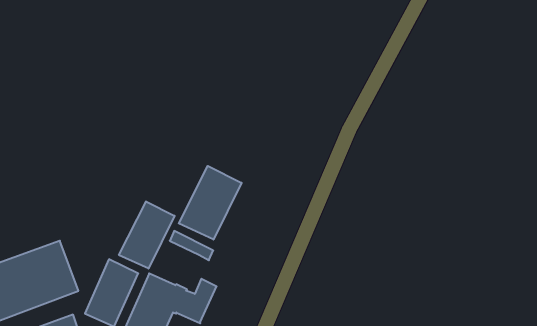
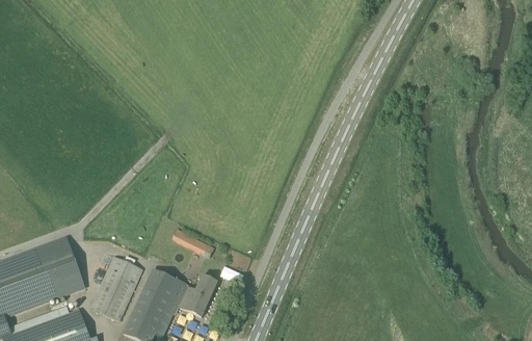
building: [179,166,242,240] -> none
building: [119,201,175,269] -> none

